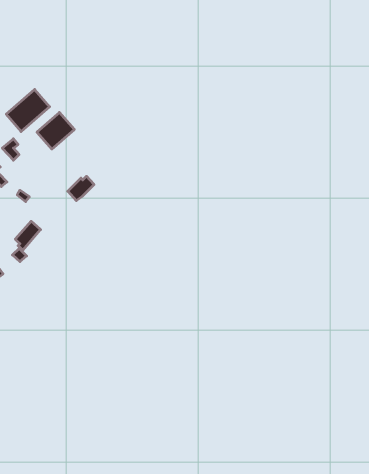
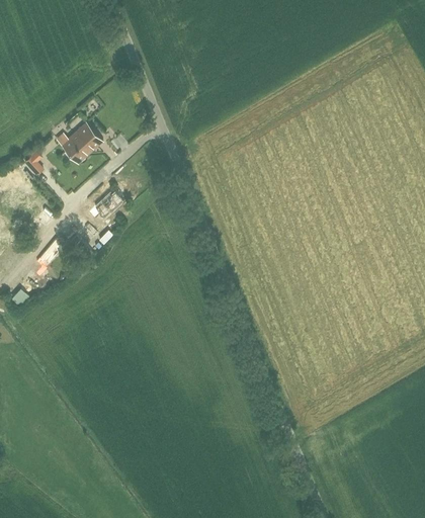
building: [6,89,50,132] -> none

